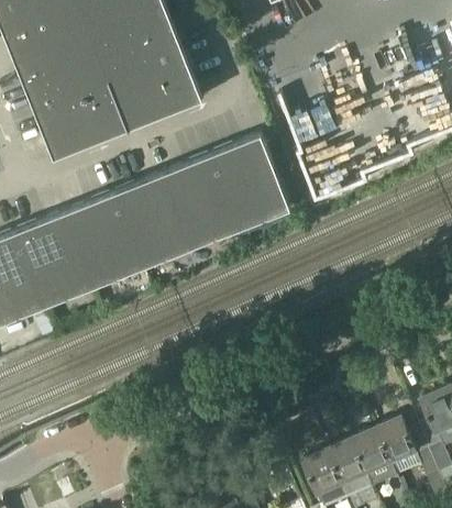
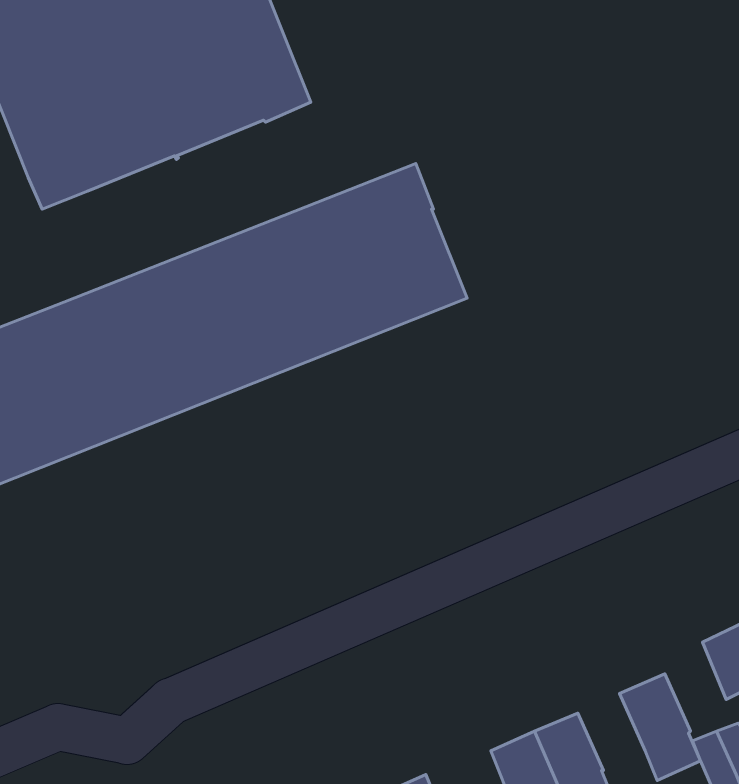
building: [351,429,388,472] -> none

